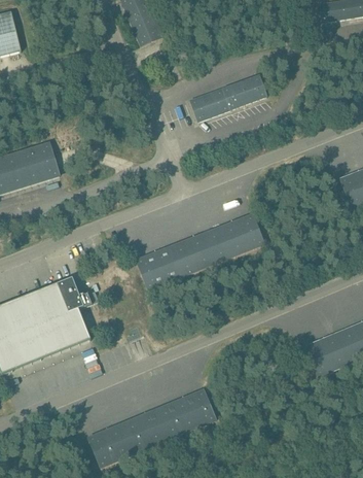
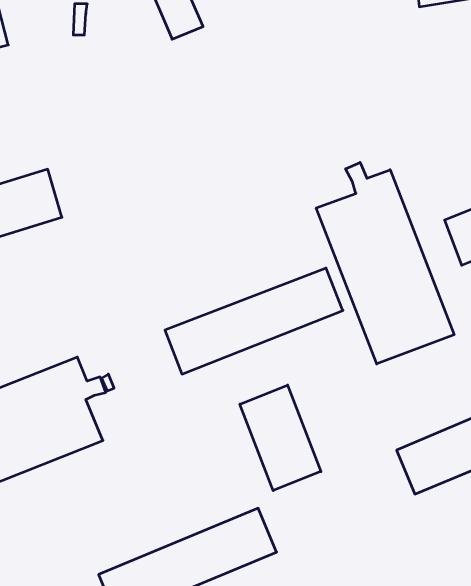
building: [189,73,266,122] -> none
building: none -> [316,162,454,364]
building: none -> [240,385,321,491]

